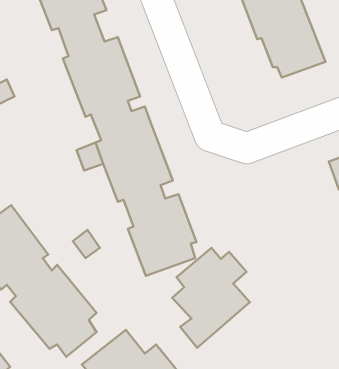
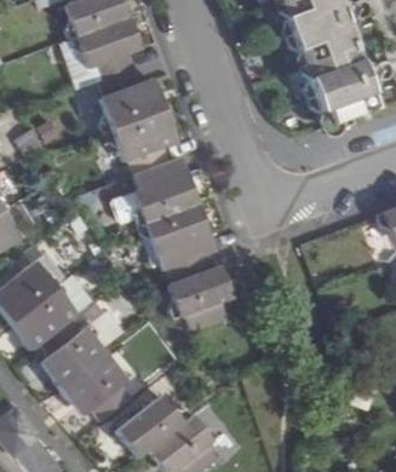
building: [172,248,250,348] -> none

